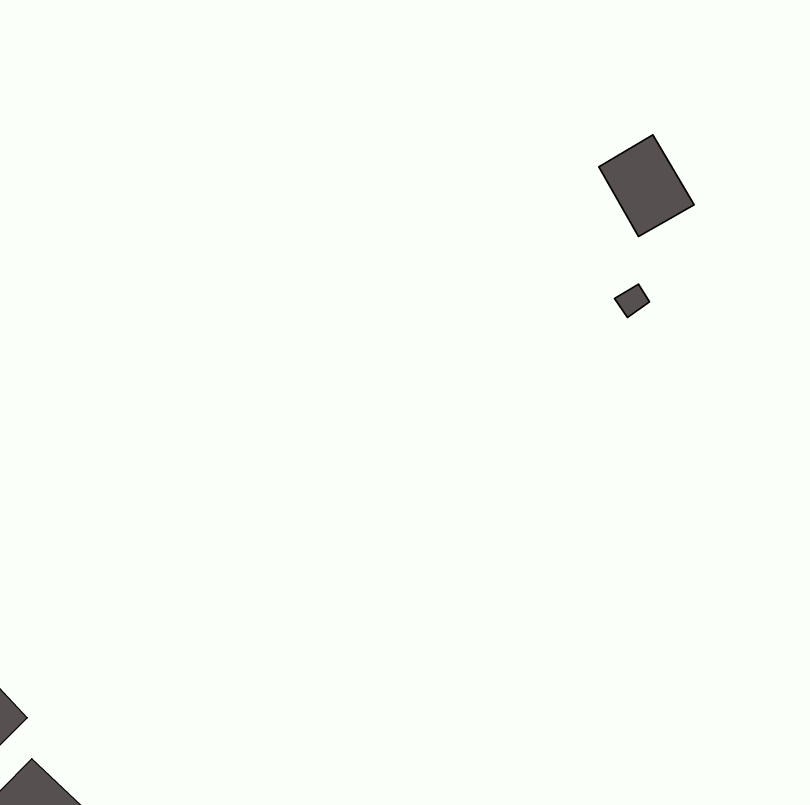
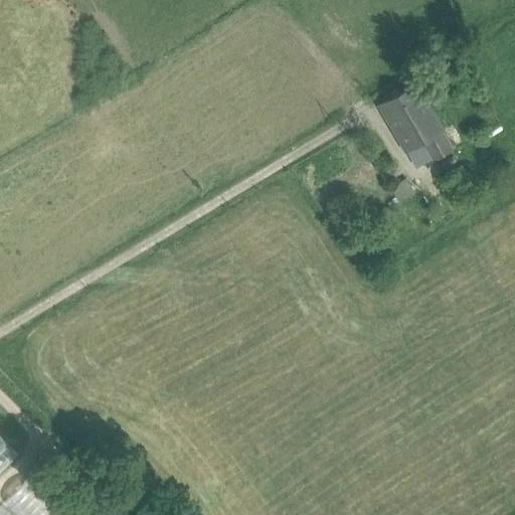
building: none -> [418,134,451,165]

